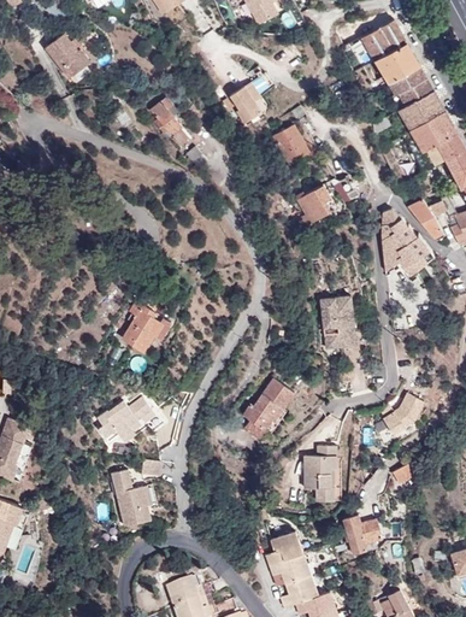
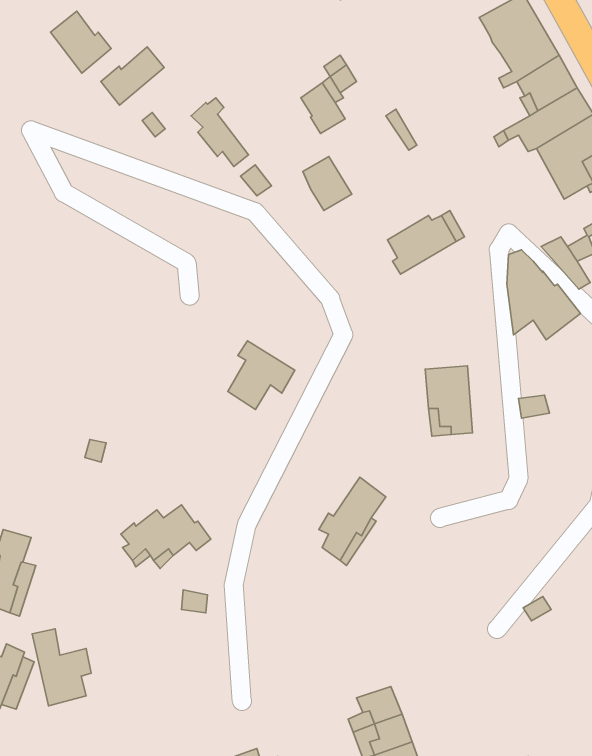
building: none -> [101,47,164,105]
building: [273,125,309,165] -> [303,157,352,211]
building: [122,301,171,352] -> [228,341,295,409]
building: [382,392,423,434] -> none
building: [303,447,336,501] -> none
building: [111,471,154,528] -> [32,629,91,706]
building: [346,515,382,554] -> none

